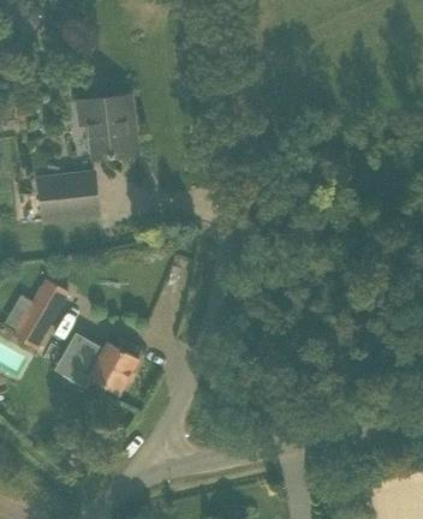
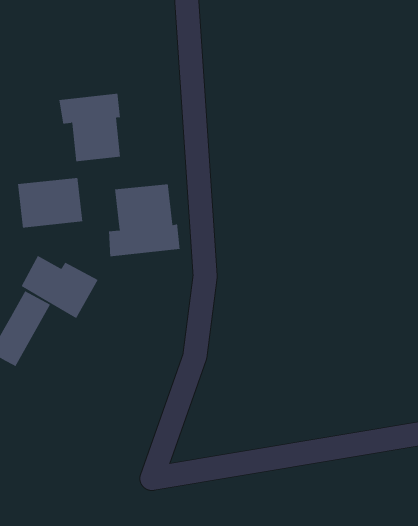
building: none -> [108,183,180,257]
building: [66,336,138,395] -> [21,255,99,319]

